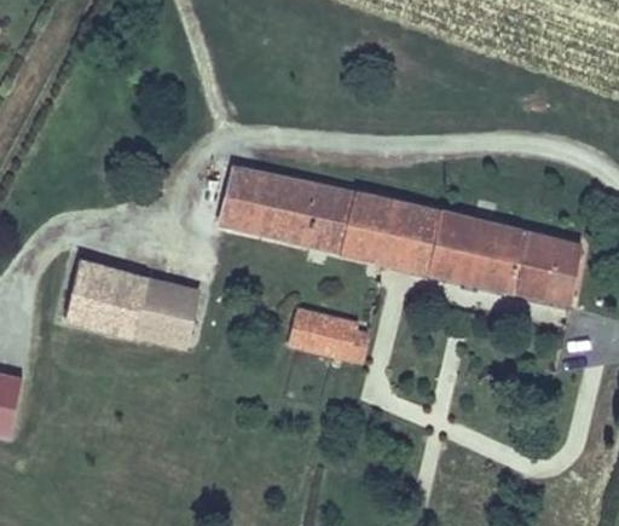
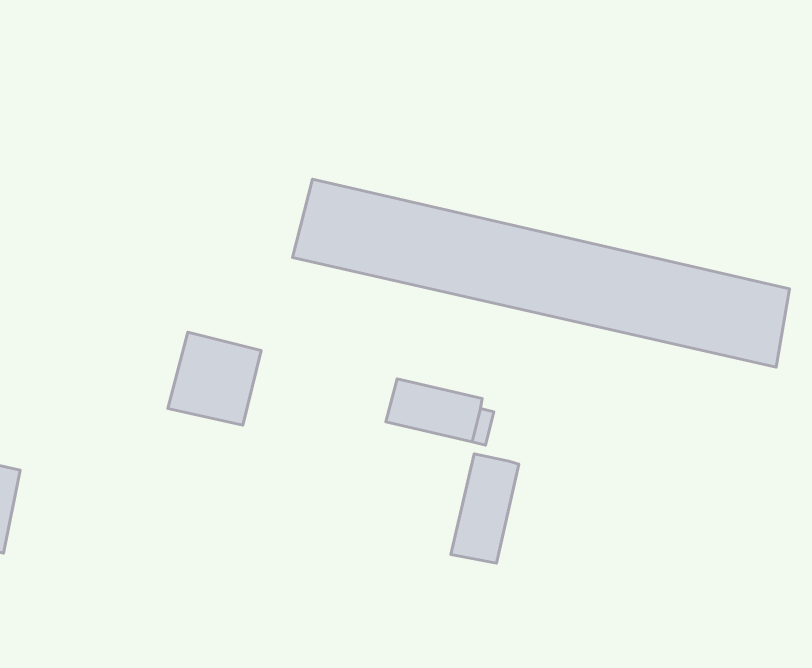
building: [64,261,144,334] -> none
building: none -> [451,454,519,563]

